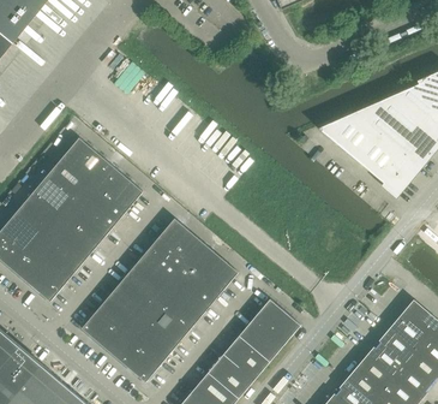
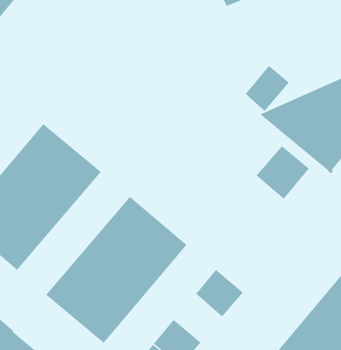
building: none -> [245,65,290,112]
building: none -> [255,145,310,200]
building: [222,327,276,381] -> none

